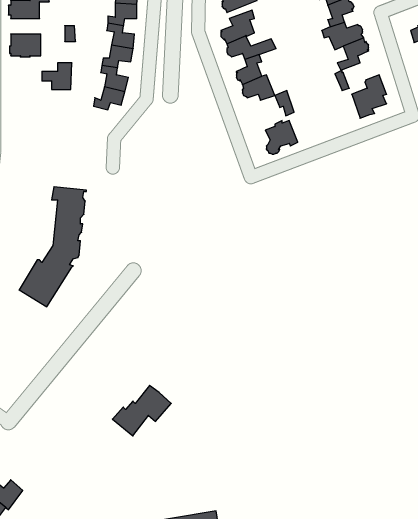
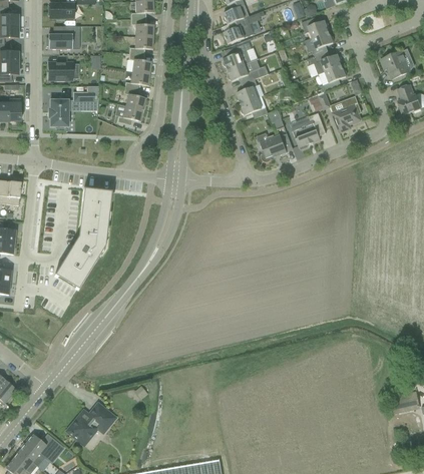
building: none -> [49,100,69,128]
building: none -> [292,112,327,149]
building: [112,385,171,436] -> [67,403,116,445]

